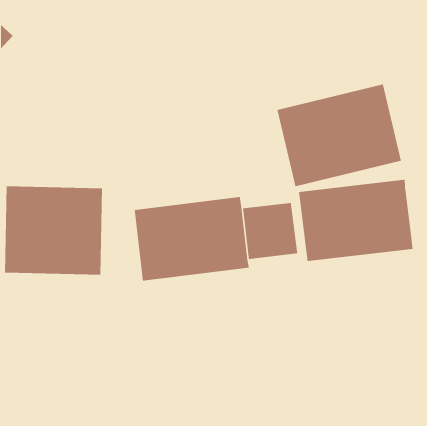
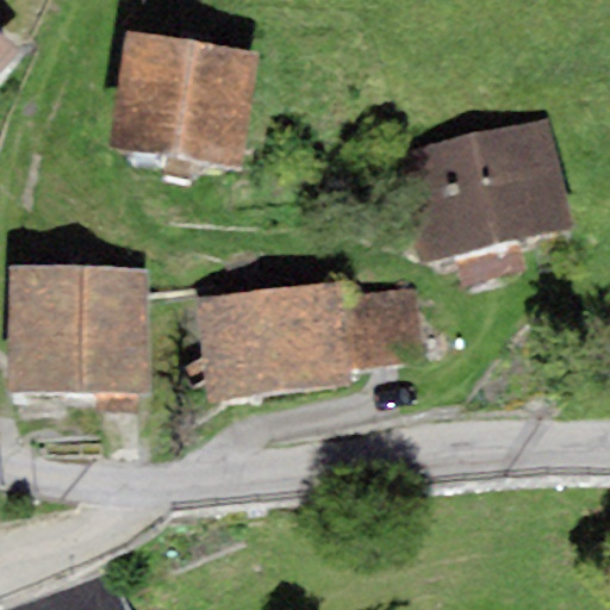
building: none -> [114,36,261,152]
building: [298,179,413,262] -> none

